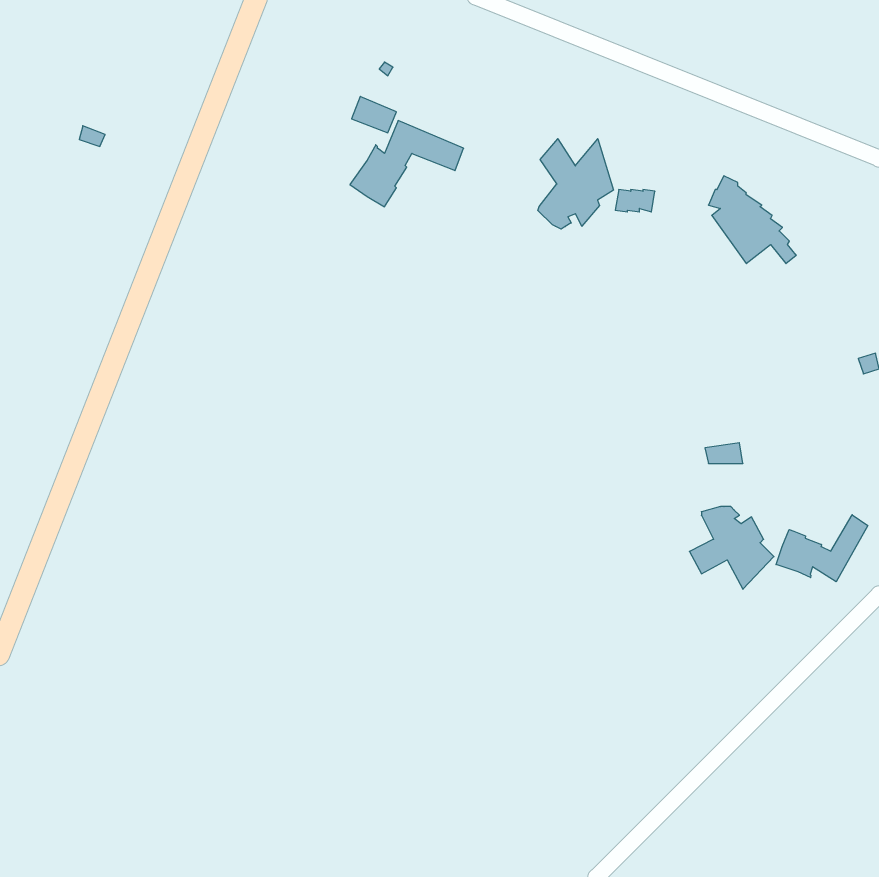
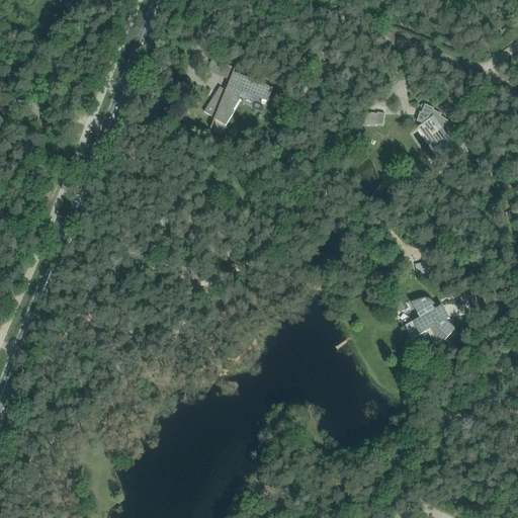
building: [538,139,614,229] -> none
building: [776,515,868,582] -> none

